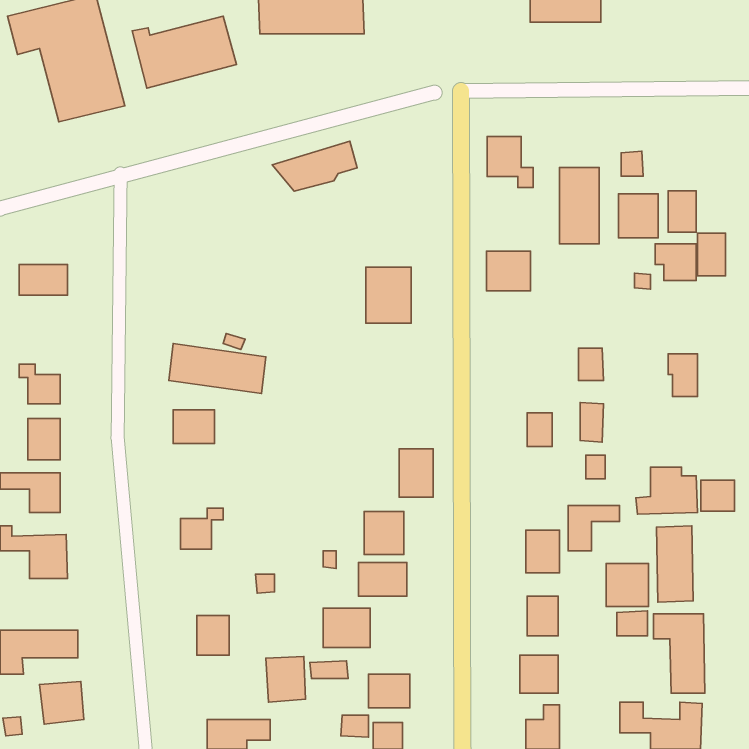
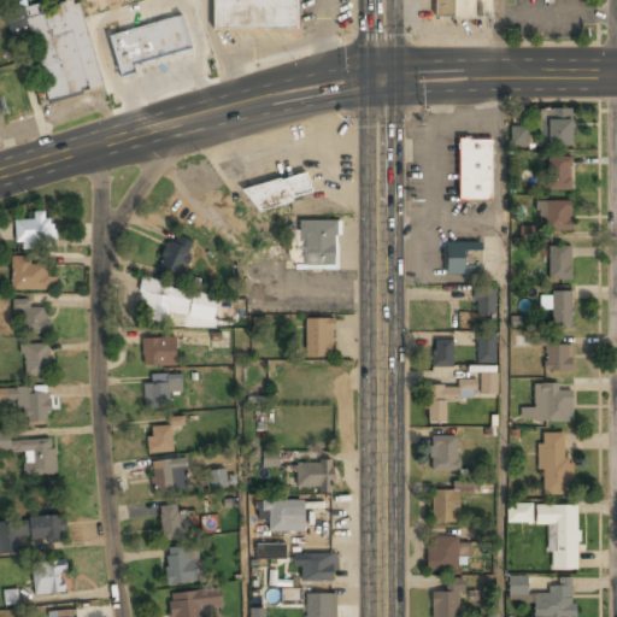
building: [487,137,533,188] -> none
building: [272,141,357,191] -> [241,169,311,210]
building: [618,194,658,238] -> [541,108,574,145]
building: [697,233,725,276] -> [550,245,572,280]
building: [486,251,530,291] -> [446,241,482,274]
building: none -> [158,234,198,274]
building: none -> [13,257,51,289]
building: [399,449,433,497] -> [307,317,335,357]
building: none -> [146,374,183,407]
building: [701,480,735,511] -> [546,345,574,370]
building: [568,505,619,551] -> [428,386,470,423]
building: [364,511,404,554] -> none
building: none -> [154,459,189,492]
building: [606,563,648,606] -> none
building: [266,657,305,702] -> [166,546,199,583]

